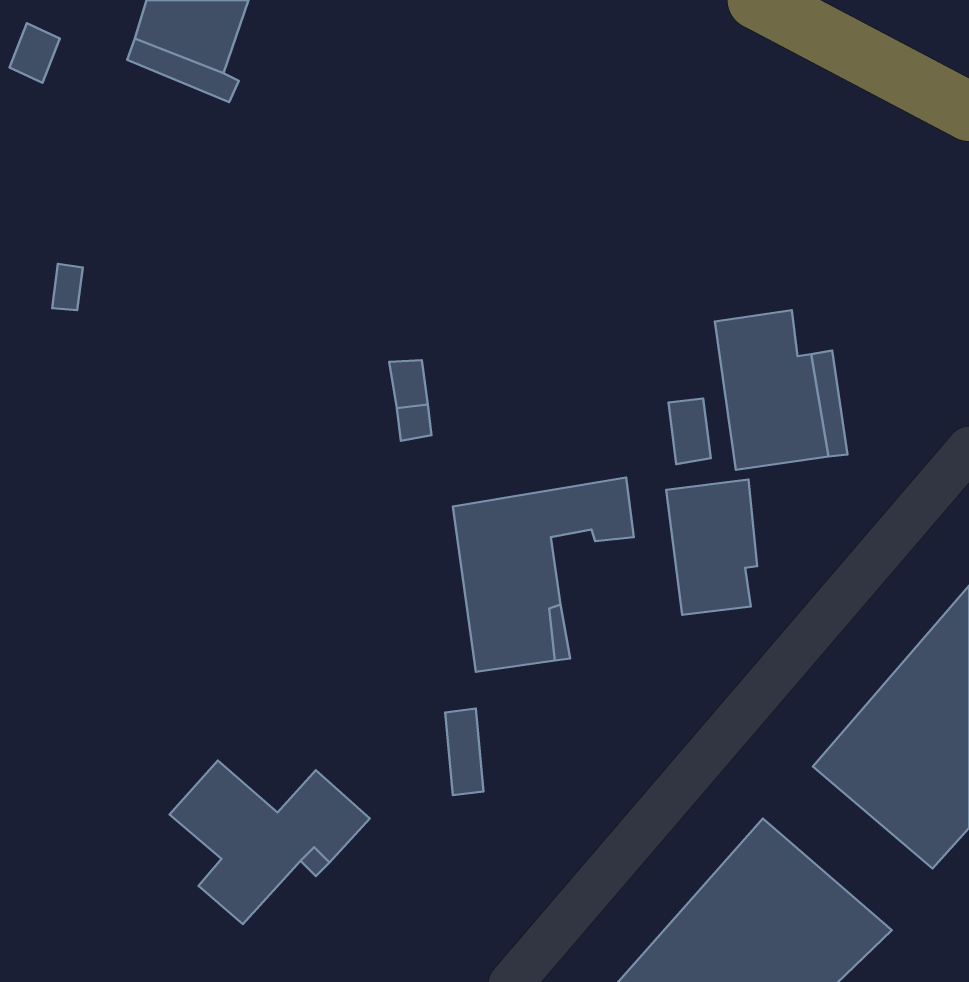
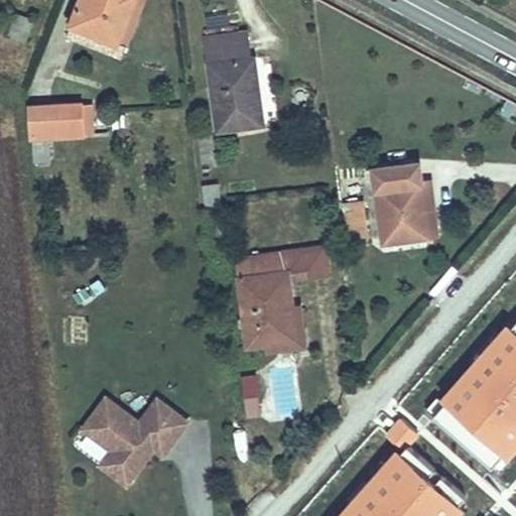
building: none -> [209,36,266,134]
building: none -> [28,103,81,135]
building: [666,480,757,615] -> none

